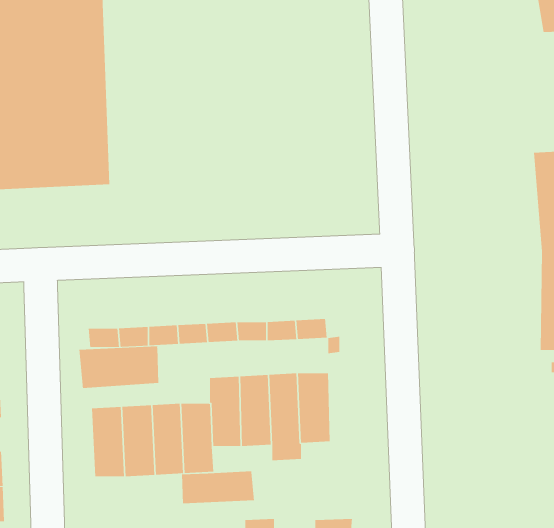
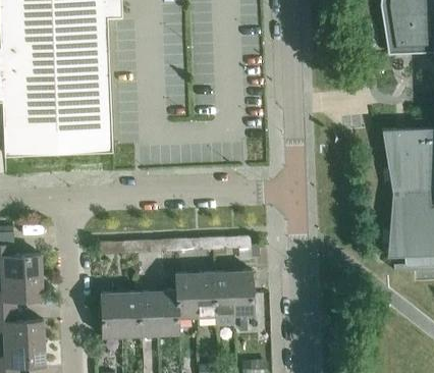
building: [79,346,159,389] -> none
building: [181,471,255,504] -> none

